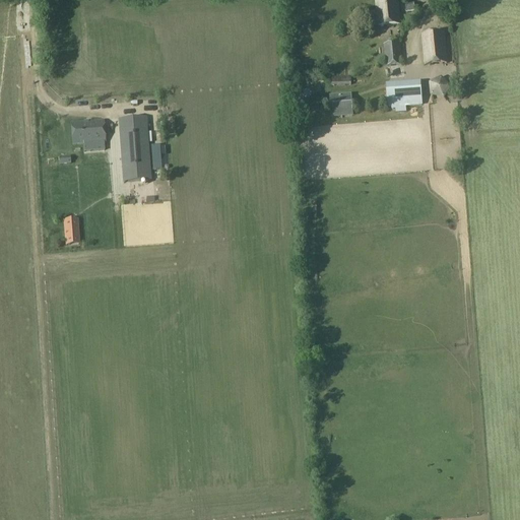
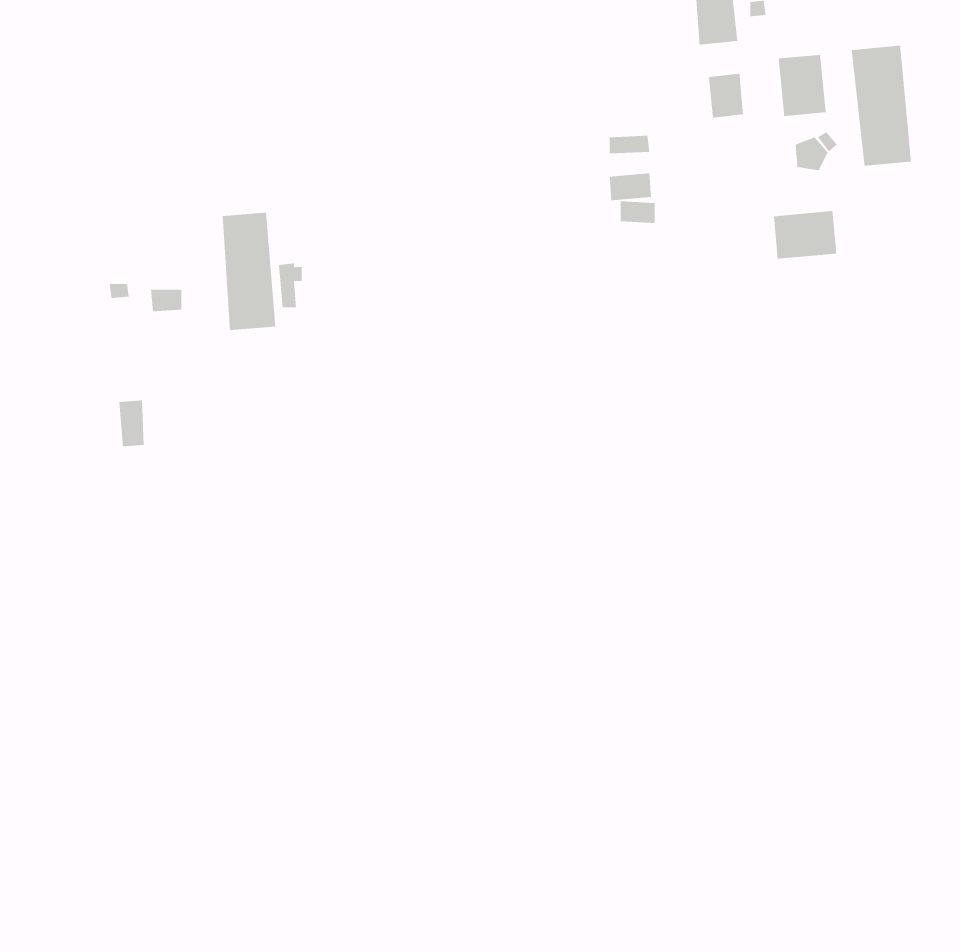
building: none -> [851,45,912,167]
building: [387,79,421,106] -> [773,210,837,259]
building: [71,118,105,148] -> none

